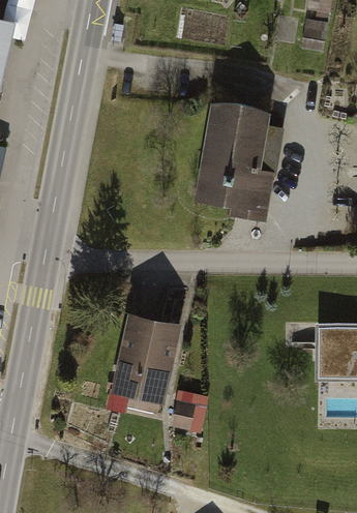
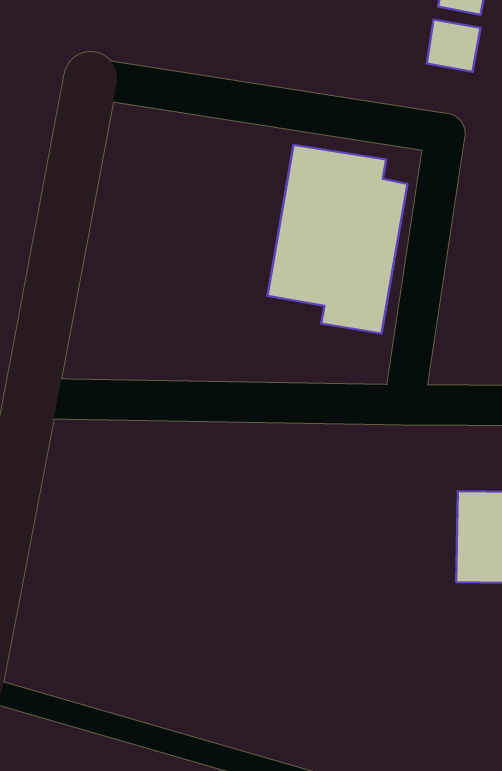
building: [110,314,179,413] -> none
building: [170,391,209,435] -> none

